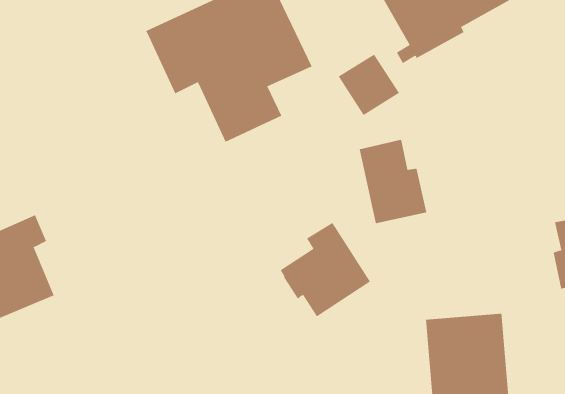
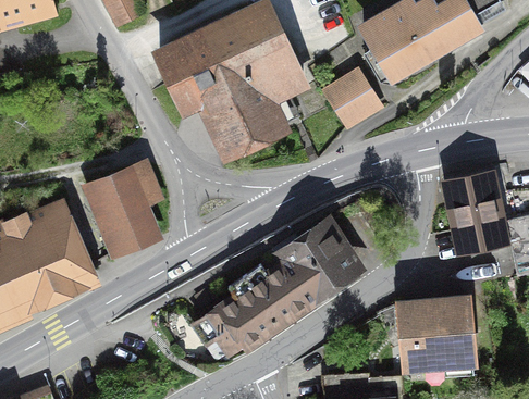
building: [359,139,427,224] -> [451,176,509,249]
building: none -> [97,169,157,249]
building: none -> [196,267,307,352]

